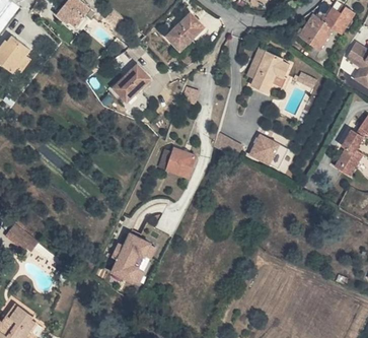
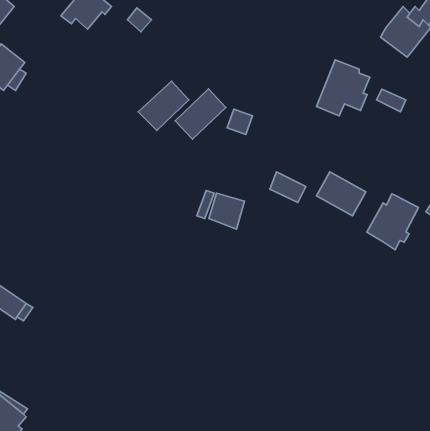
building: [165,14,204,53] -> [175,89,226,139]
building: none -> [367,194,419,250]
building: [112,232,152,283] -> none

